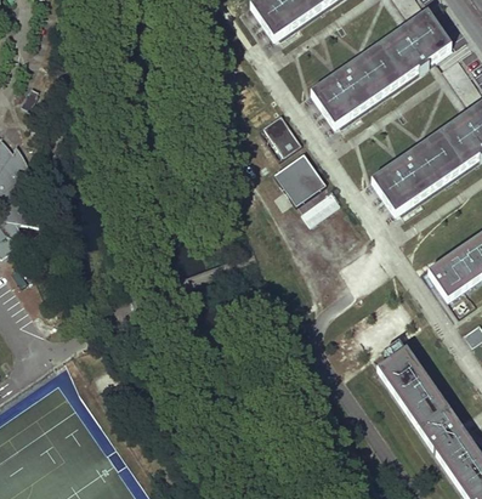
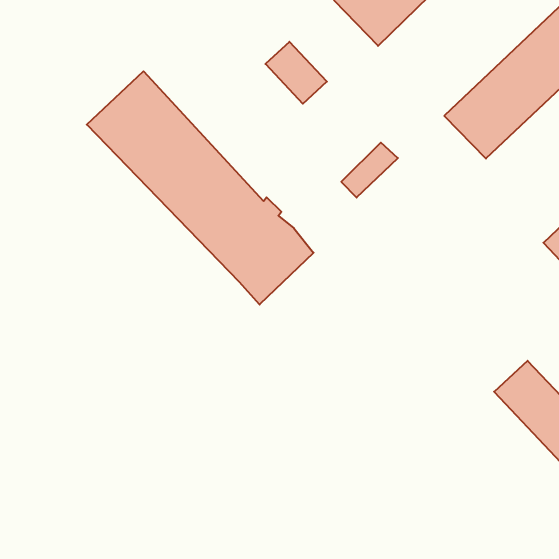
building: none -> [87,71,314,305]
building: [273,148,324,200] -> none

